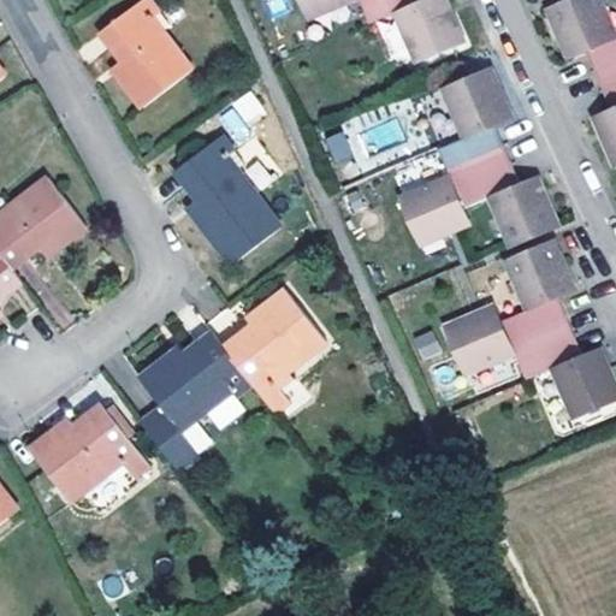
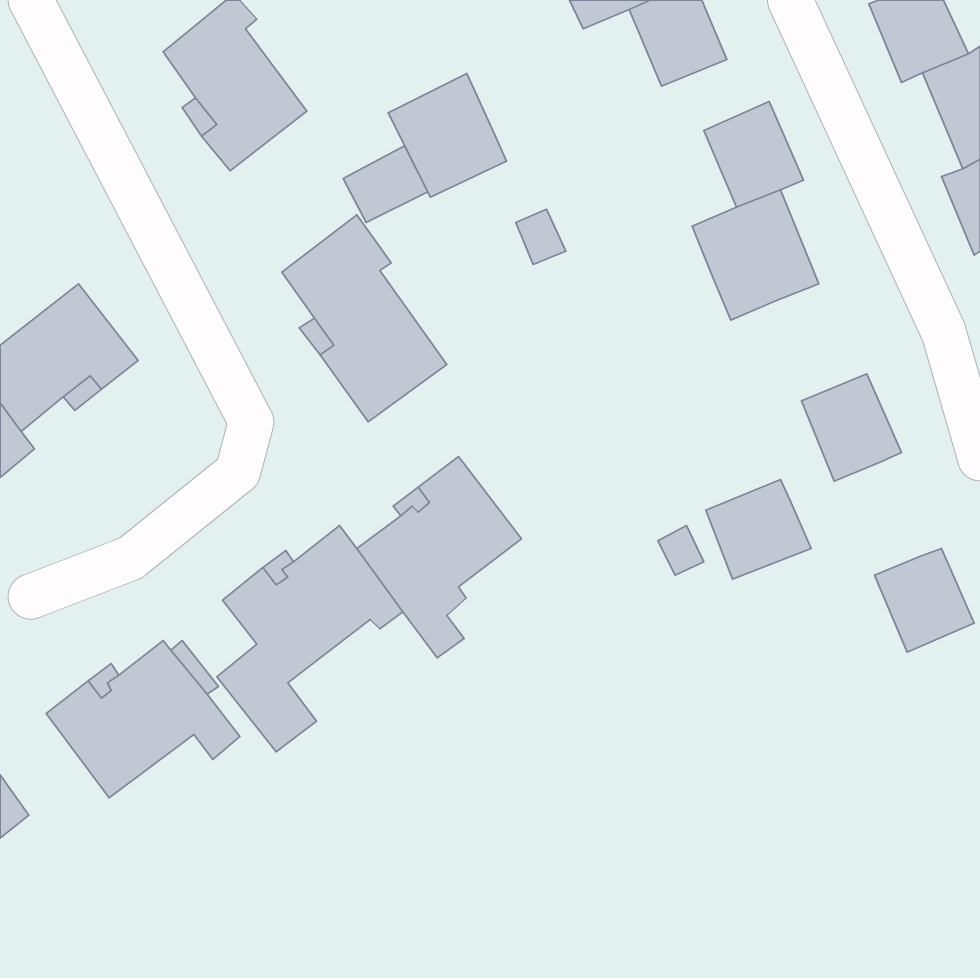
building: none -> [388,74,507,197]
building: [398,173,463,237] -> none
building: [486,173,549,239] -> none
building: [496,291,578,373] -> none

